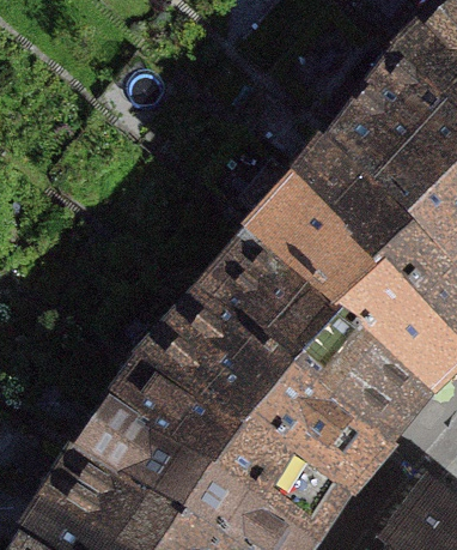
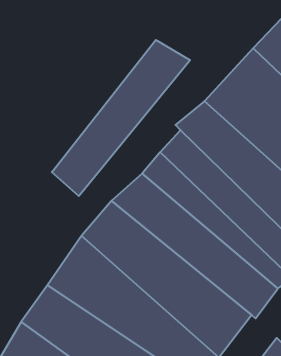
building: none -> [52,40,190,196]

